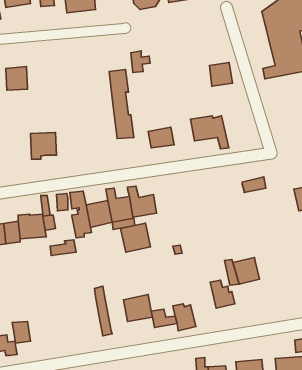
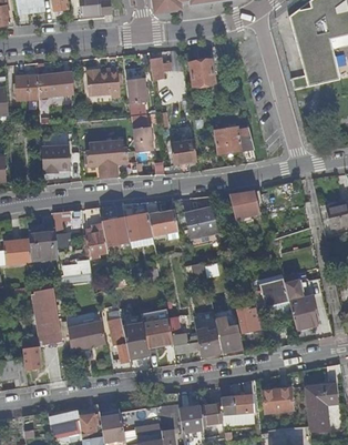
building: none -> [85,68,120,95]
building: [210,63,232,86] -> [190,60,214,85]
building: none -> [38,71,74,97]
building: none -> [85,141,129,179]
building: none -> [229,190,266,220]
building: [121,223,151,252] -> [185,208,217,239]
building: none -> [284,281,317,330]
building: none -> [34,289,62,346]
building: none -> [215,318,240,353]
building: none -> [68,322,106,352]
building: none -> [123,324,147,357]

